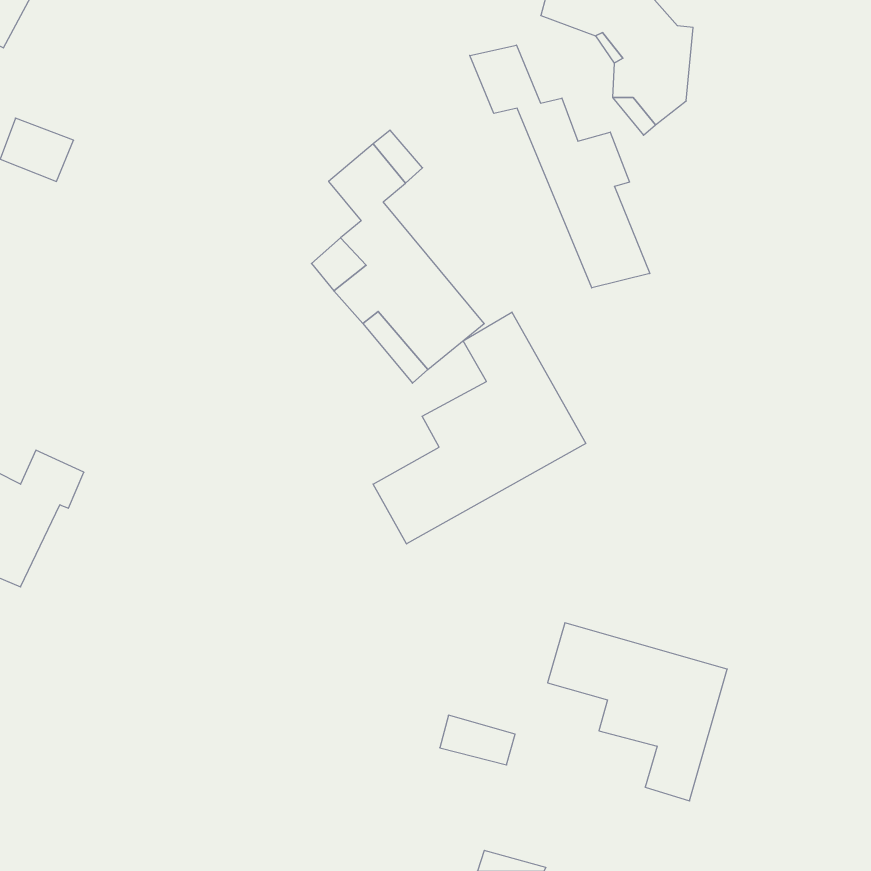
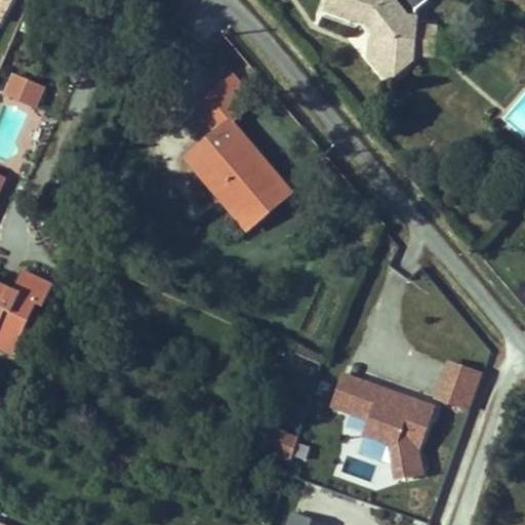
building: [470,45,650,288] -> none
building: [373,312,586,544] -> none
building: none -> [433,360,481,411]

